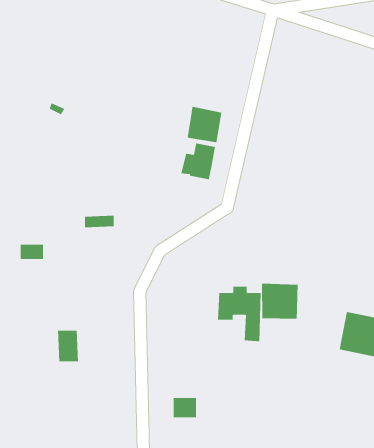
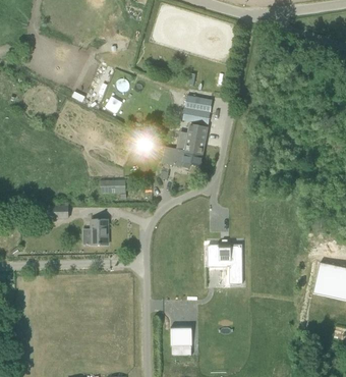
building: none -> [168,148,201,166]
building: [261,283,298,320] -> none
building: [57,330,79,362] -> [91,219,108,245]

